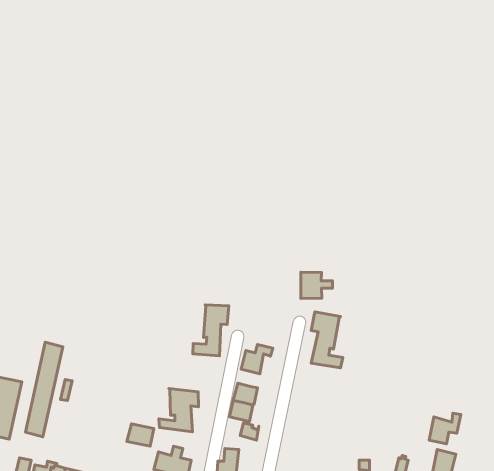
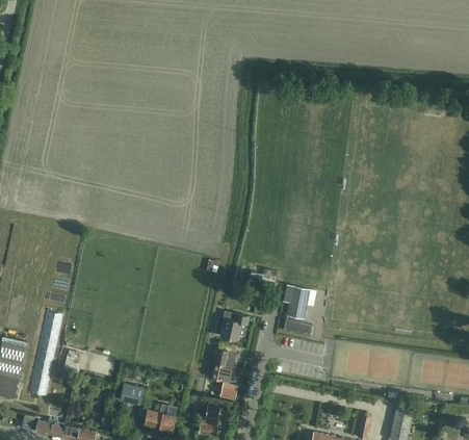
building: [301,272,332,299] -> none
building: [193,305,229,356] -> none
building: [159,389,199,432] -> none
building: [429,413,461,444] -> none

